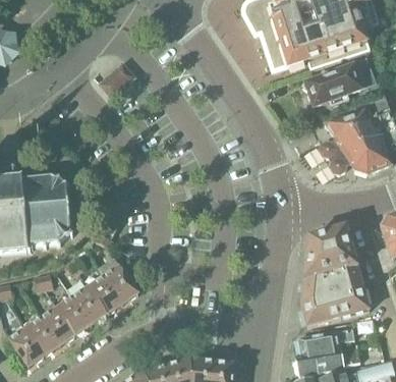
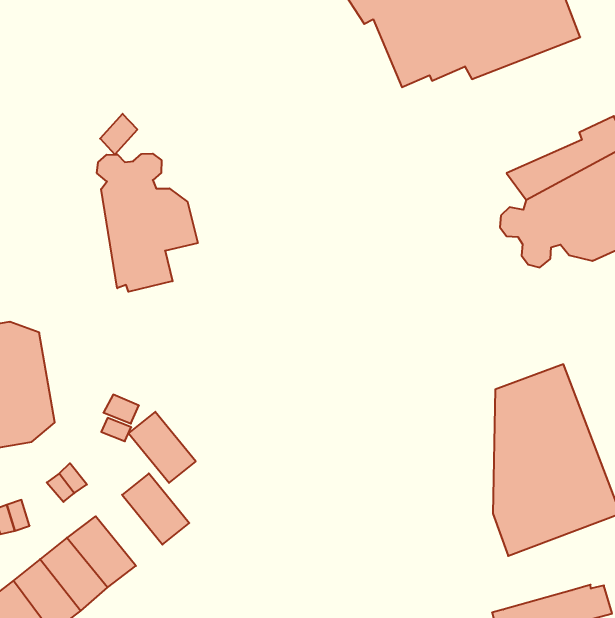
building: [302,57,376,106] -> none
building: none -> [97,154,198,292]
building: [89,274,123,313] -> [129,412,196,483]
building: [299,327,354,353] -> none

